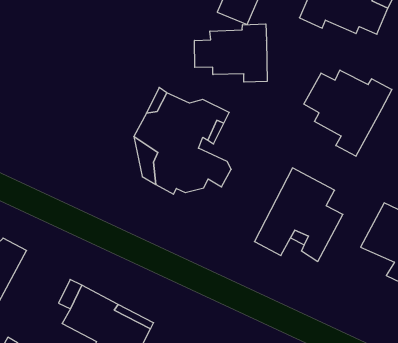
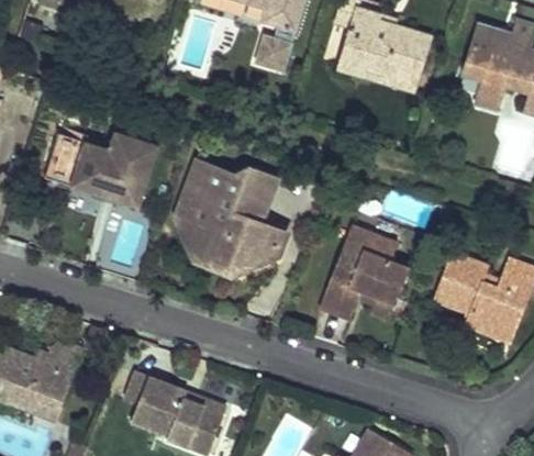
building: [195,24,267,82] -> none
building: none -> [48,133,162,209]
building: [304,70,392,156] -> none

